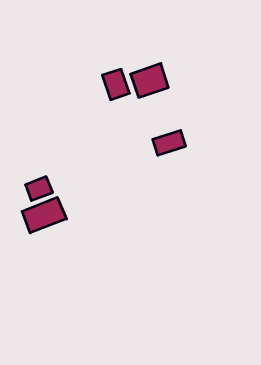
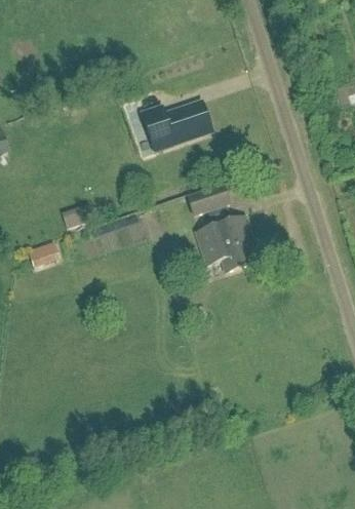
building: none -> [194,216,257,272]
building: [22,197,67,233] -> none

